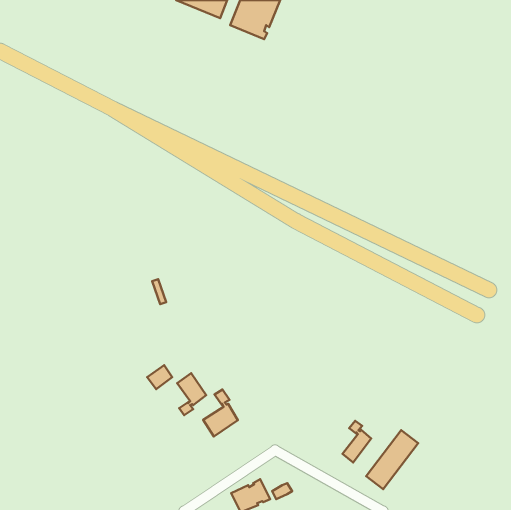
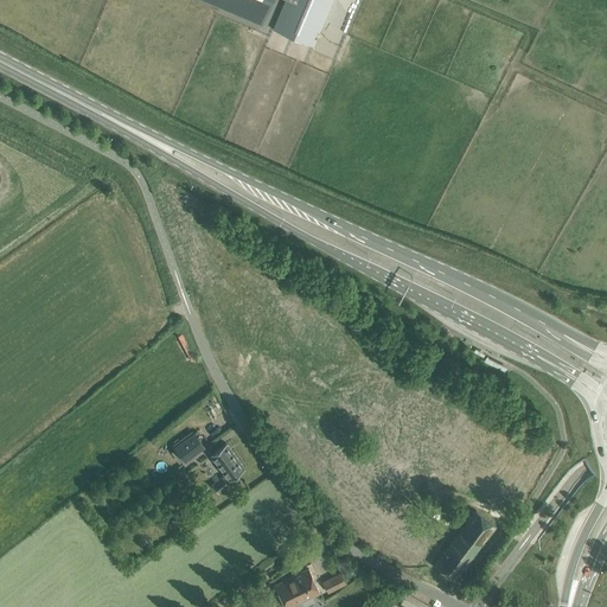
building: [203,390,238,436] -> none
building: [342,421,371,462] -> none

